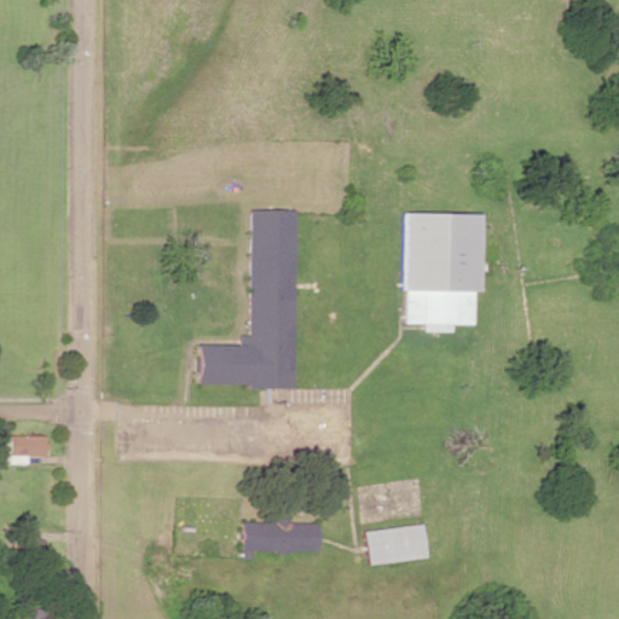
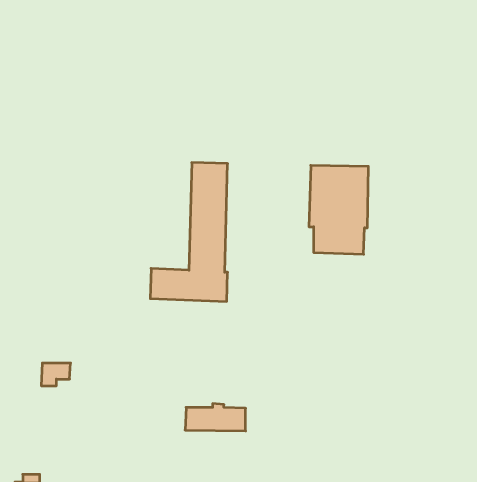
building: [13,435,51,464] -> [41,363,71,386]
building: [368,525,429,565] -> none

